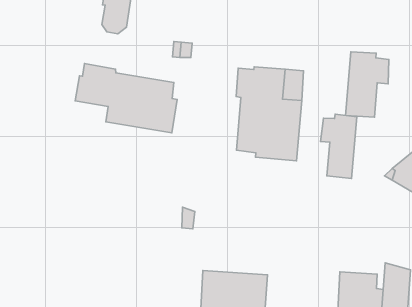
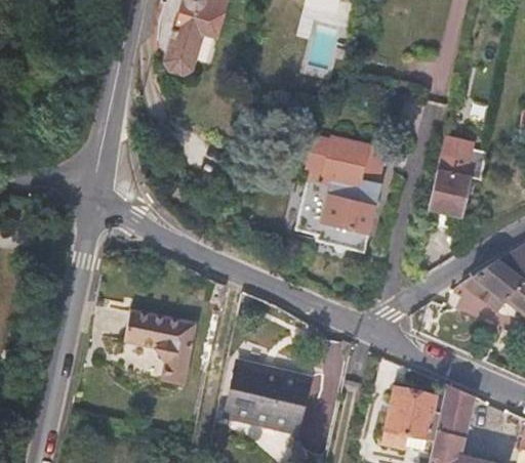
building: [75,64,177,133] -> none
building: [321,114,357,178] -> none
building: none -> [126,310,197,385]

